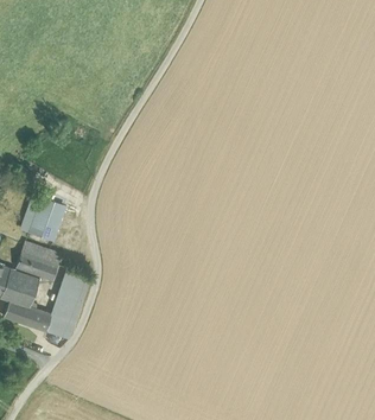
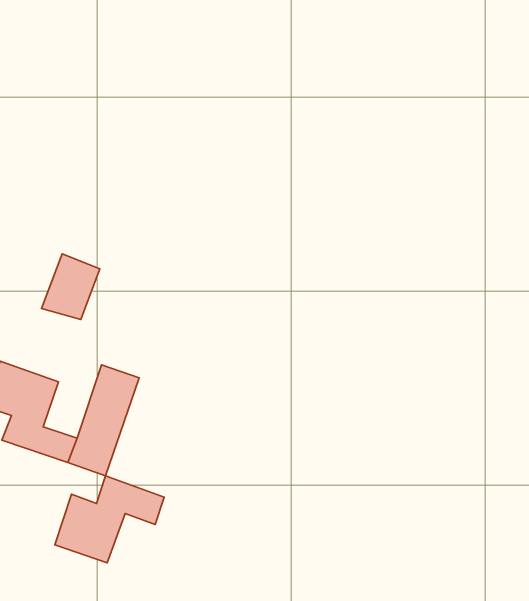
building: [15,241,63,281] -> none
building: none -> [55,476,164,563]

